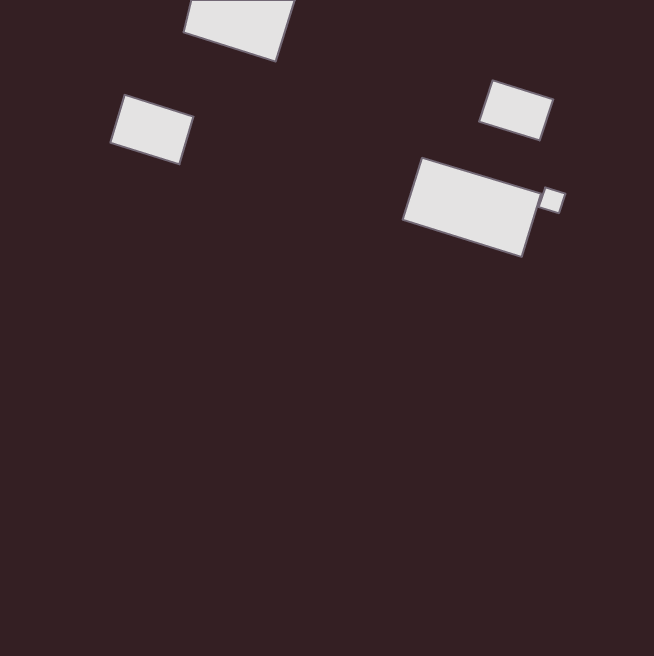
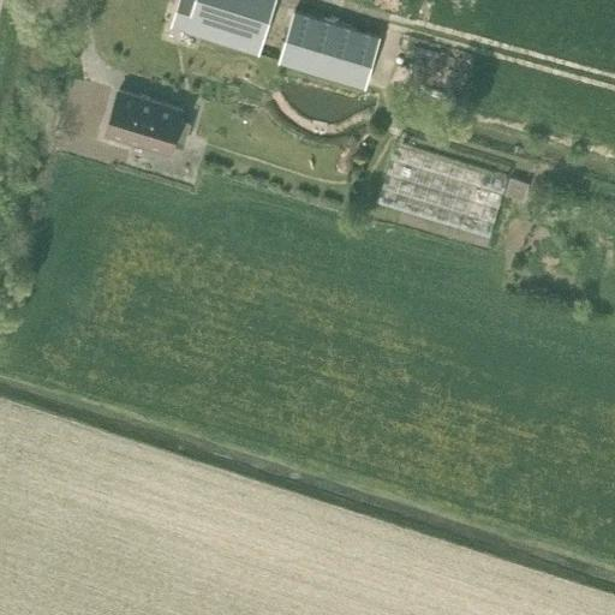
building: none -> [281,10,381,84]
building: [479,80,553,141] -> none

